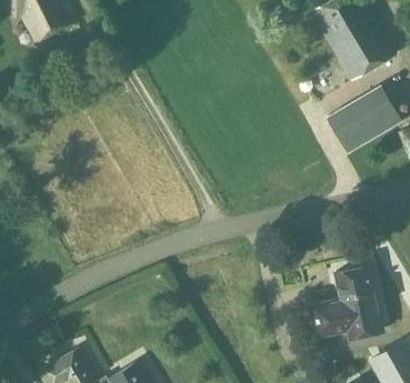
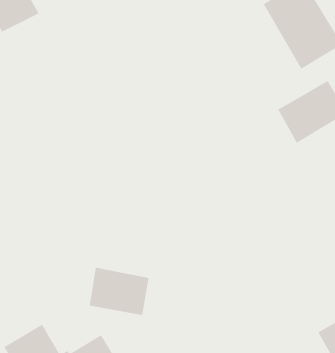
building: [310,263,382,336] -> none
building: none -> [89,267,149,316]

